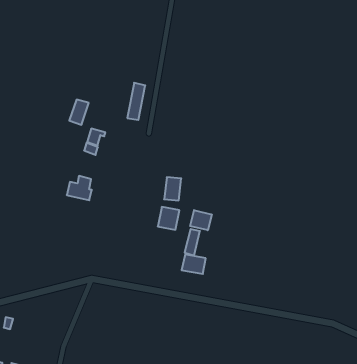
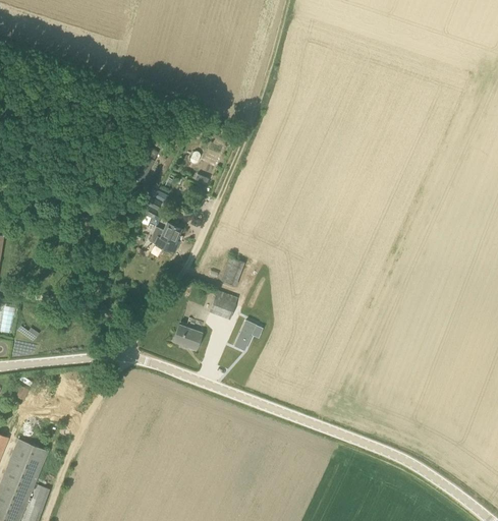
building: [67,176,92,200] -> [150,223,180,252]
building: [190,210,212,230] -> none
building: [182,254,206,274] -> [172,325,202,350]

